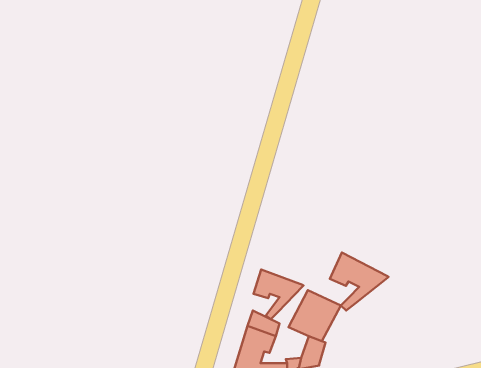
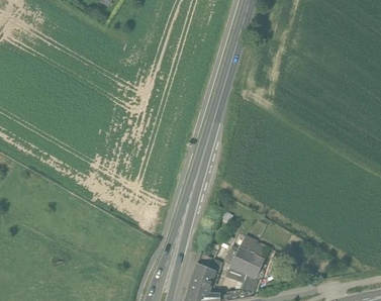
building: [330,252,388,311] -> none
building: [254,270,303,319] -> none

